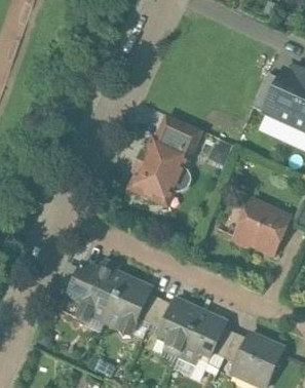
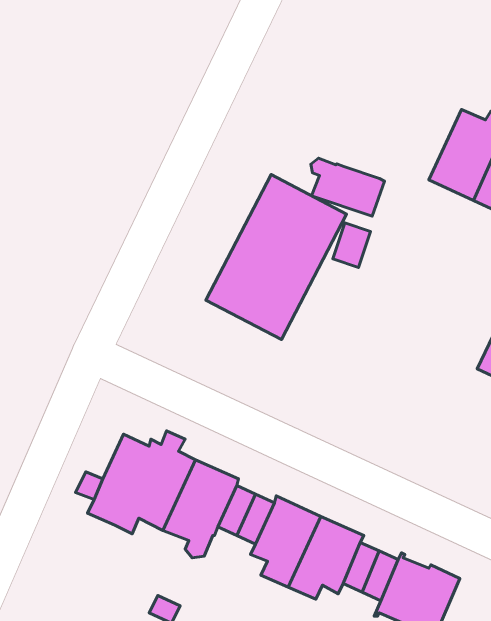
building: none -> [311,158,385,216]
building: [234,200,290,254] -> none

